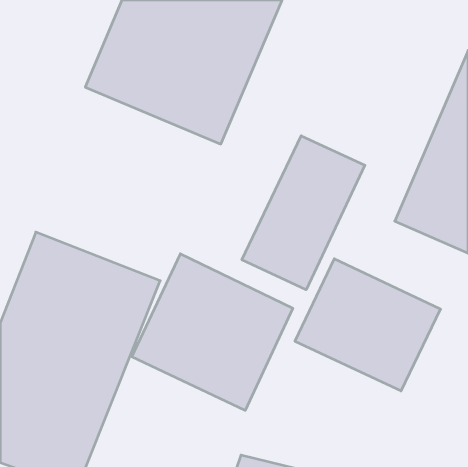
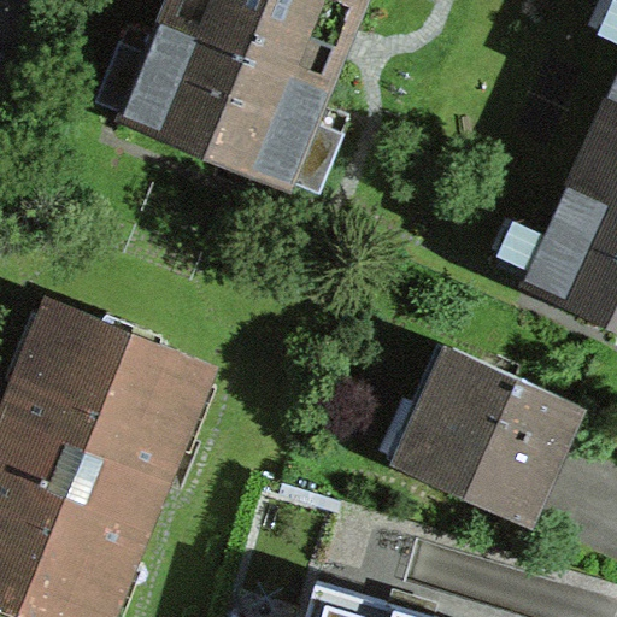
building: [242,136,365,290] -> none
building: [132,254,293,410] -> none

